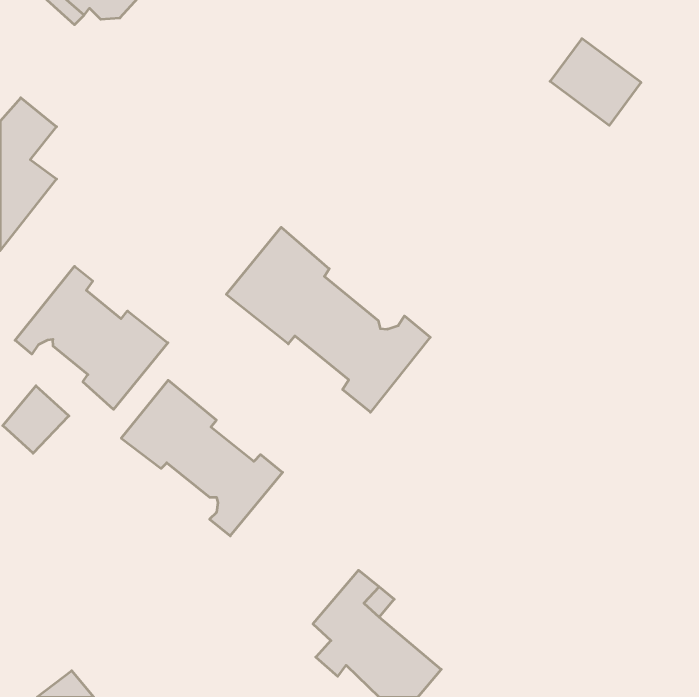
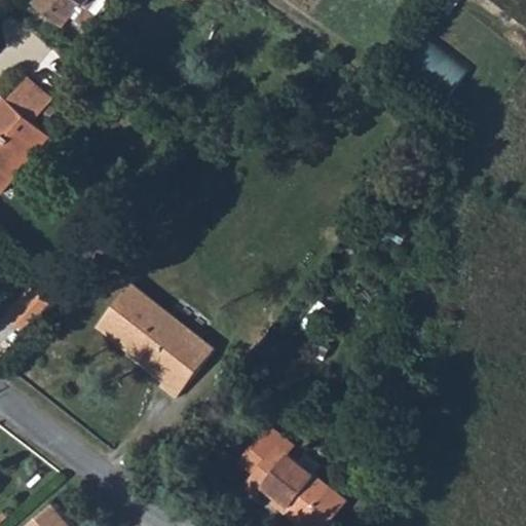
building: [226,227,430,412] -> none
building: [15,266,168,409] -> none

